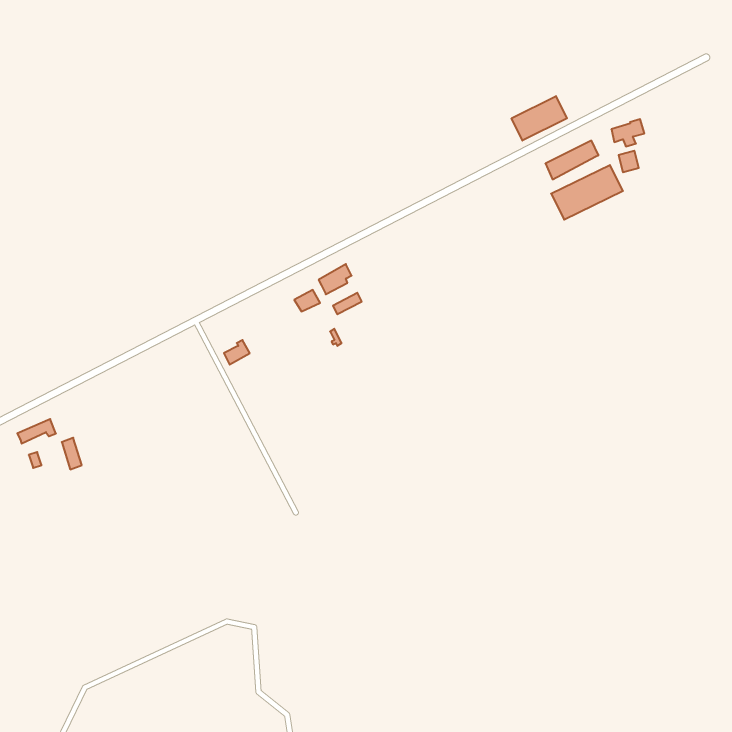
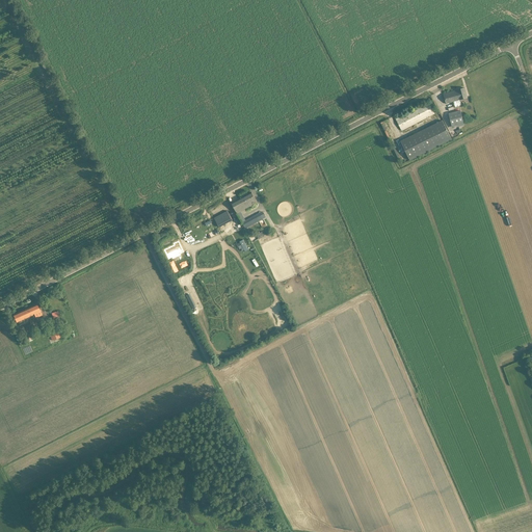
building: [512,96,567,141] -> none

